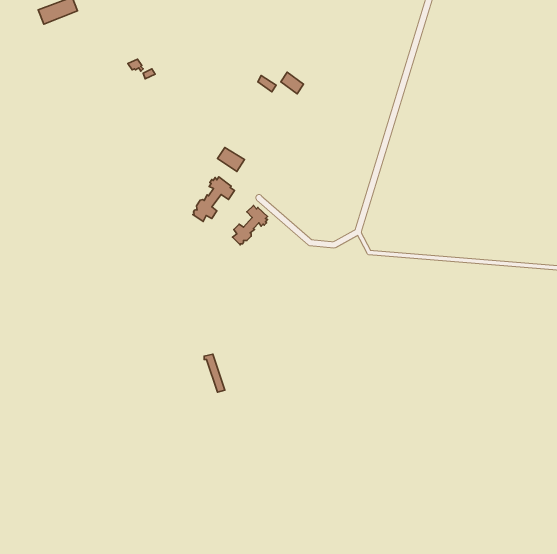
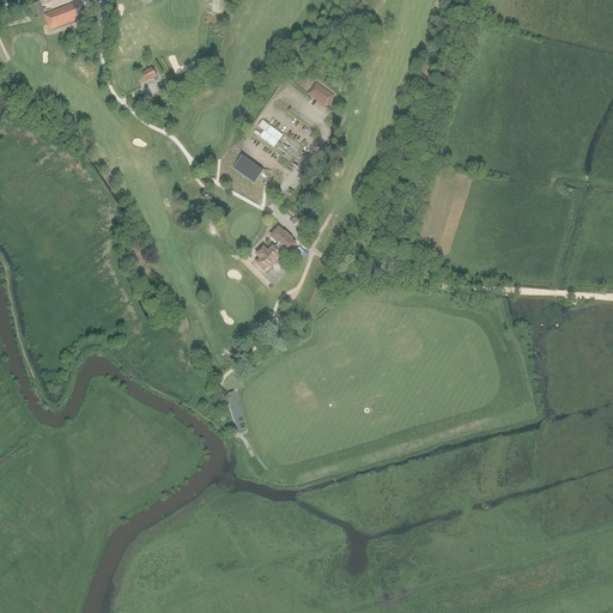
building: [193,177,235,221] -> none

